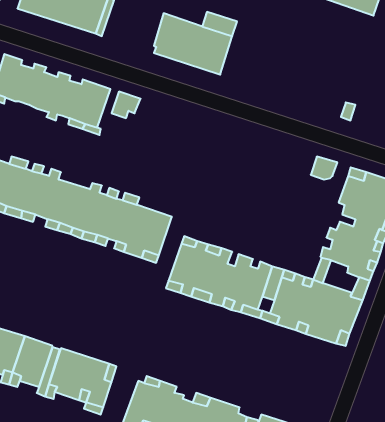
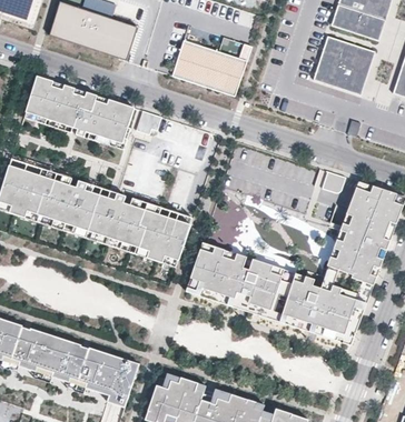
building: none -> [309,34,373,97]

